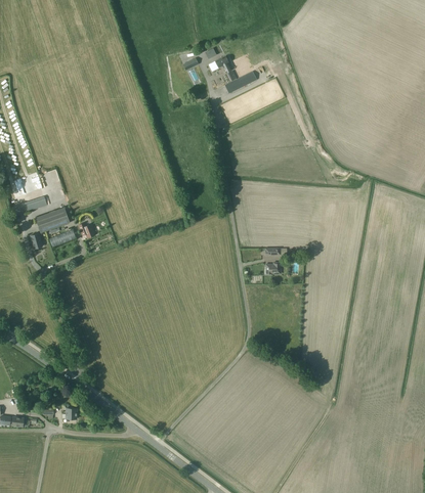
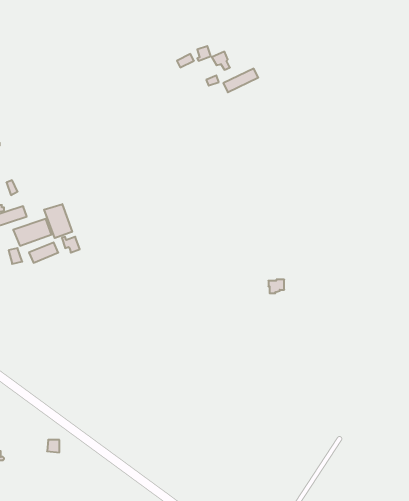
building: none -> [44,204,72,238]

